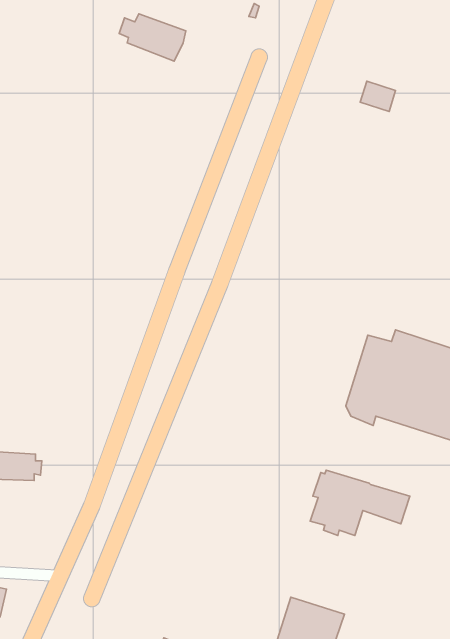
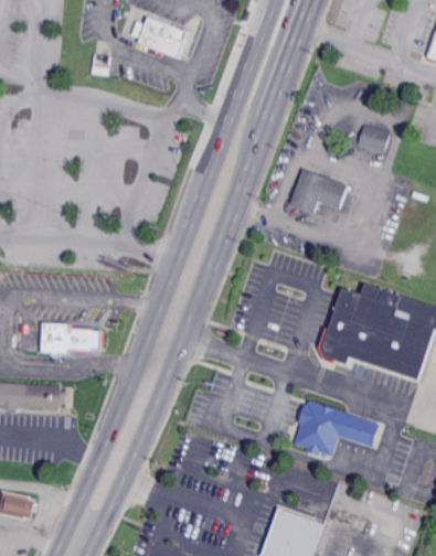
building: [360,81,396,111] -> [357,126,386,151]
building: none -> [288,170,344,213]
building: none -> [39,322,100,353]

